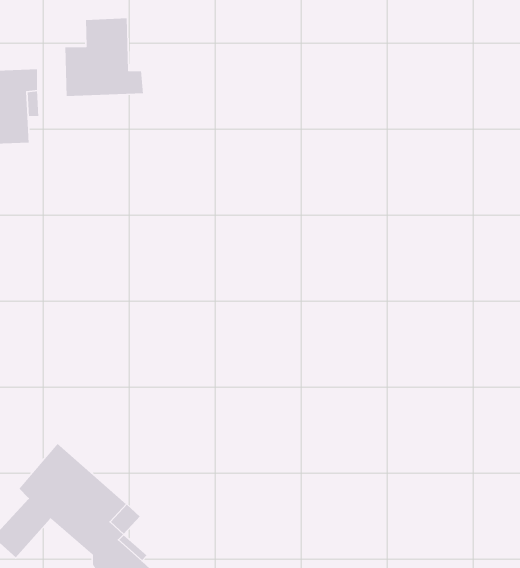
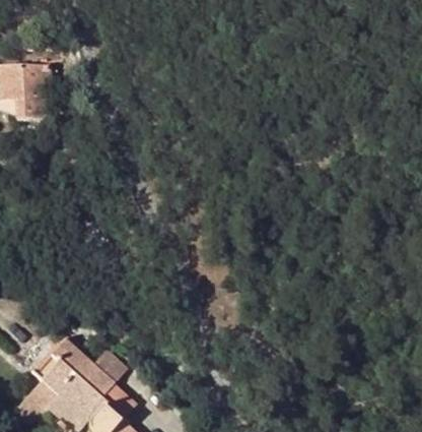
building: [65,18,144,97] -> none

